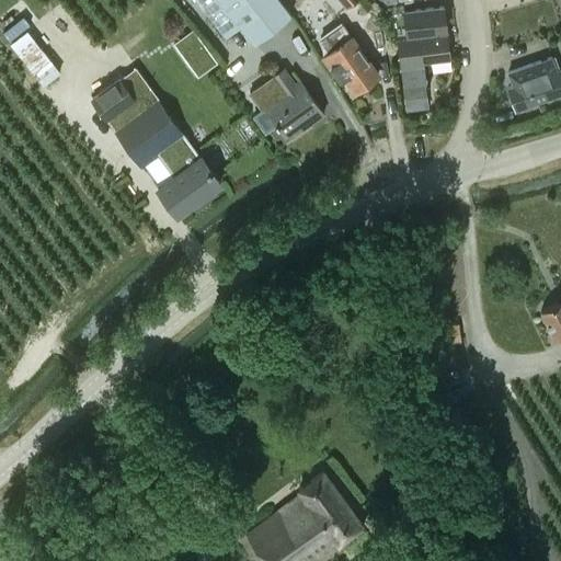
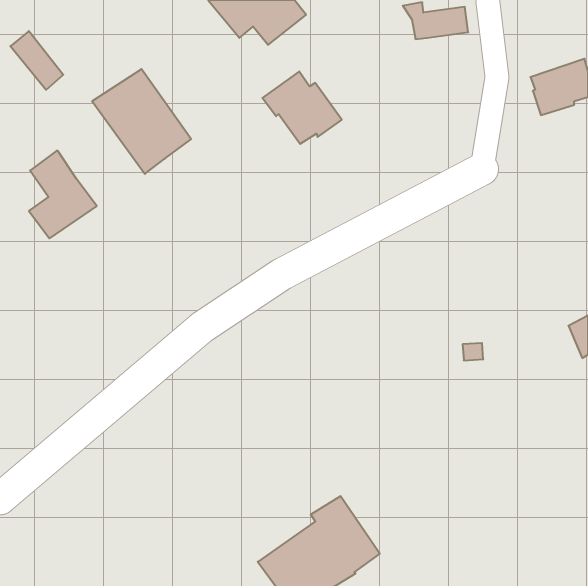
building: [319,25,377,92] -> none
building: [176,33,216,76] -> none
building: [397,35,449,113] -> none
building: [156,135,220,218] -> [29,151,97,238]

